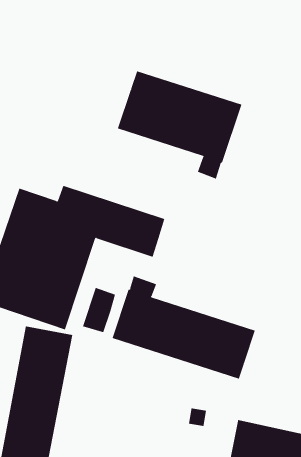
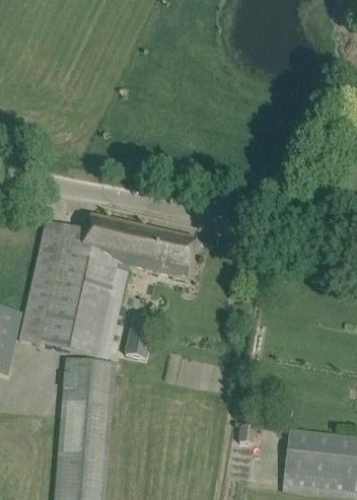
building: [117,70,242,179] -> none
building: [112,275,256,379] -> none

